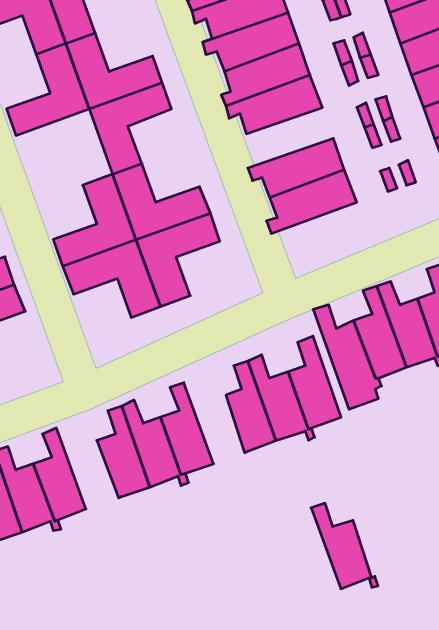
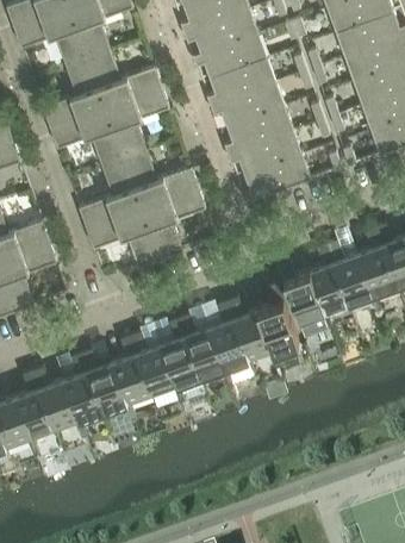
building: none -> [225,107,293,154]
building: none -> [50,108,124,167]
building: none -> [81,349,133,414]
building: [311,503,378,589] -> [179,314,230,380]

